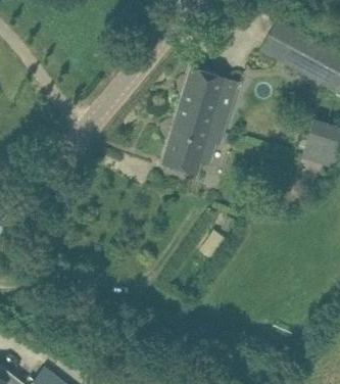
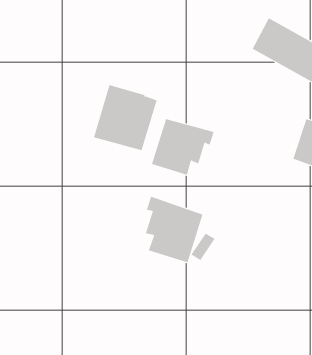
building: [176,66,239,132] -> [93,84,158,151]
building: none -> [145,196,203,263]

